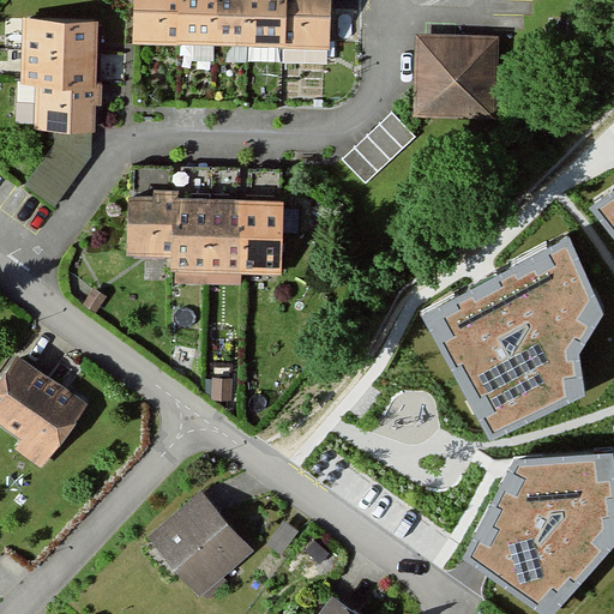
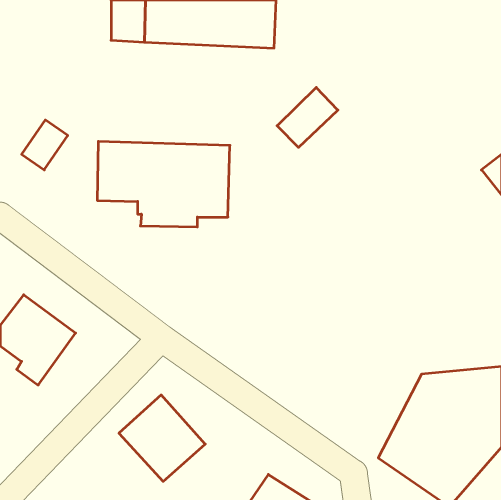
building: [20,25,101,137] -> none
building: [409,29,496,115] -> none
building: [423,235,606,443] -> none

